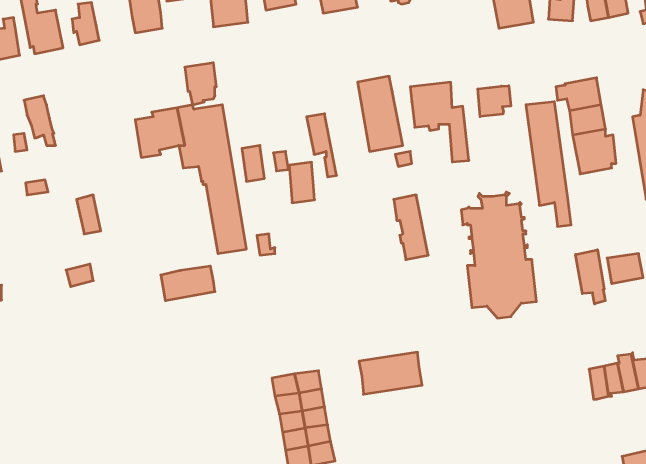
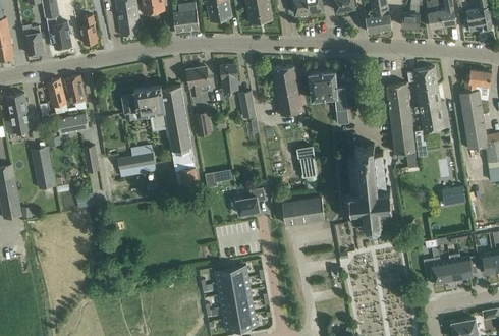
building: [185,63,216,105] -> [186,66,208,95]
building: [478,86,511,117] -> none
building: none -> [64,75,85,103]
building: none -> [57,113,88,133]
building: [289,162,315,203] -> [220,63,237,91]
building: none -> [34,156,55,188]
building: [576,250,605,304] -> none
building: none -> [235,187,265,214]
building: [161,266,215,301] -> [117,153,154,176]
building: [359,352,422,394] -> [281,197,324,225]

